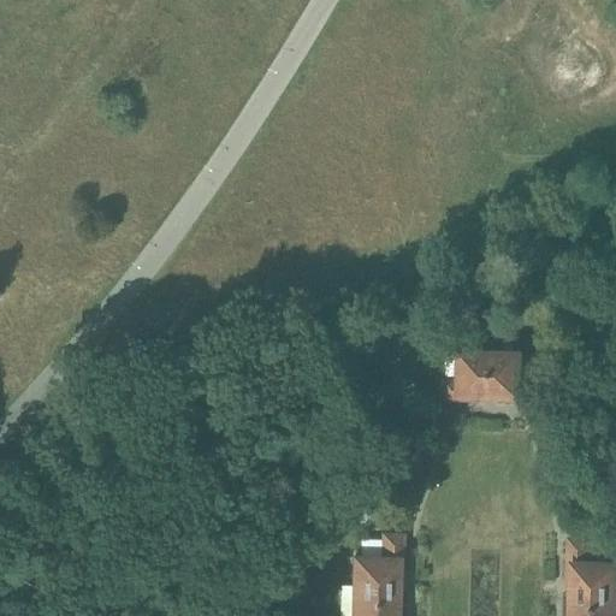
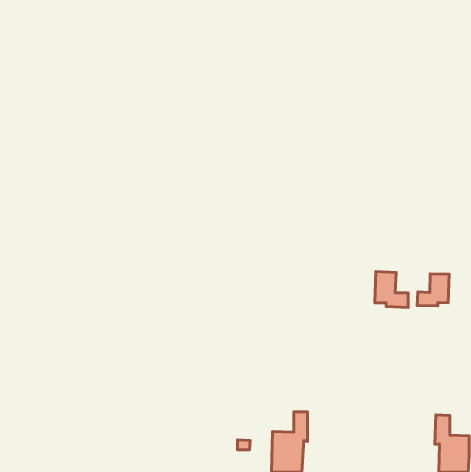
building: [444,354,490,398] -> none
building: none -> [417,274,449,306]

